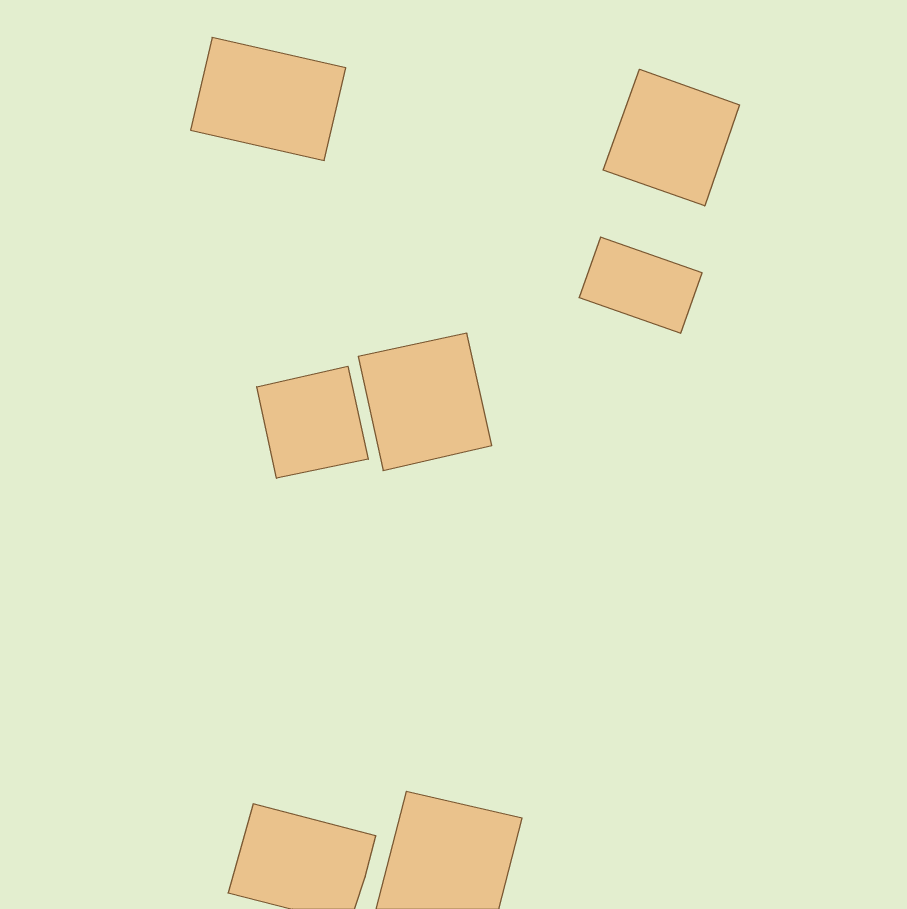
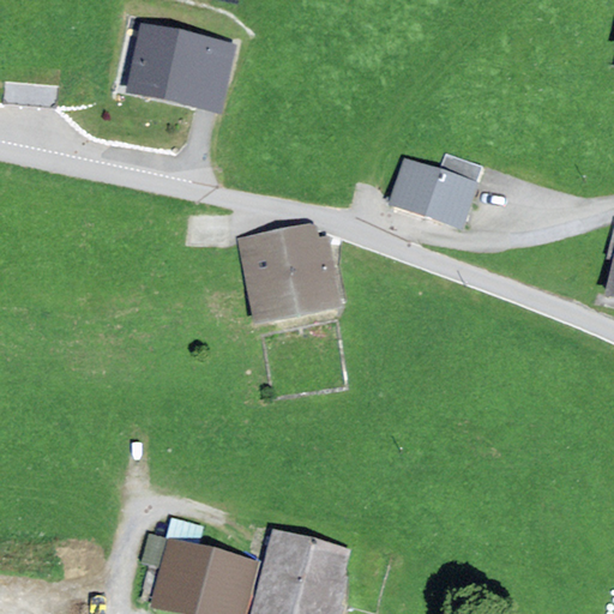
building: [603,69,740,206] -> none
building: [257,366,368,478] -> none

